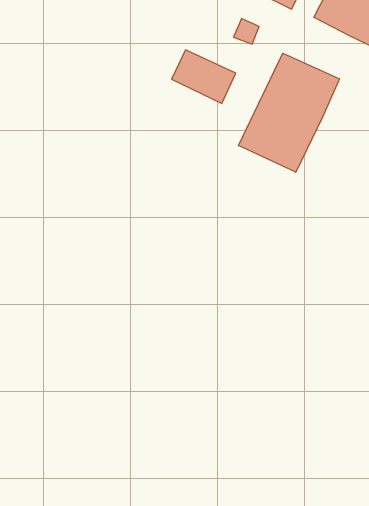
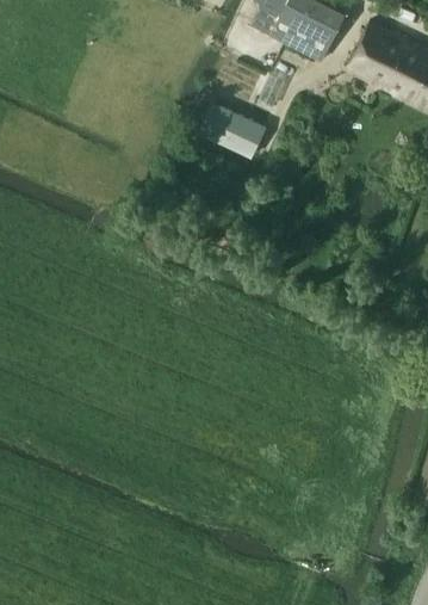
building: [238,53,339,172] -> none

